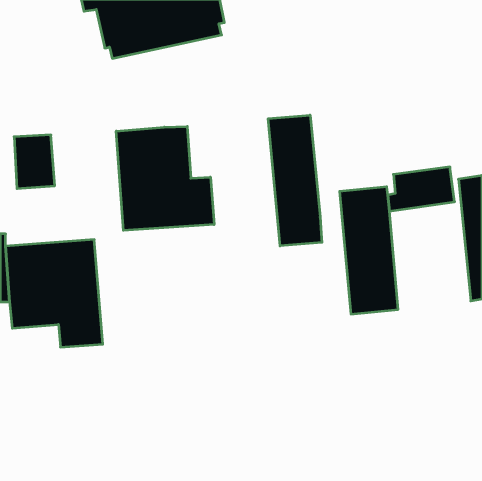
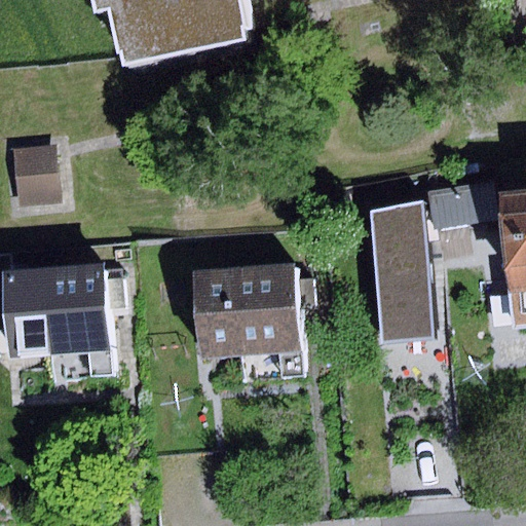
building: [268,115,322,246] -> none
building: [116,126,214,230] -> none
building: none -> [191,264,303,380]

